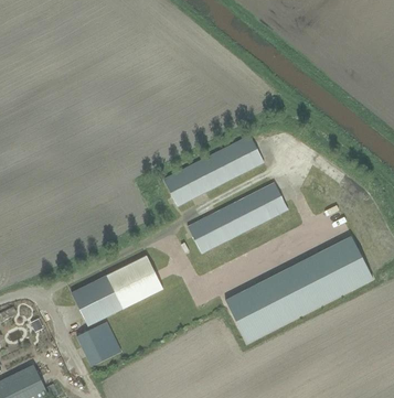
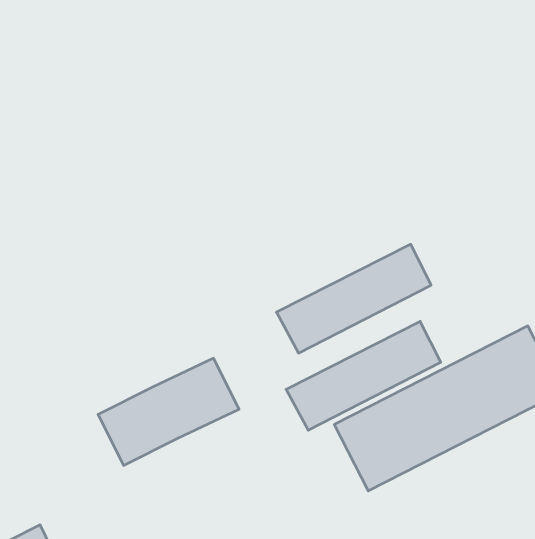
building: [162,136,263,206] -> [286,321,441,430]
building: [76,322,120,367] -> none

